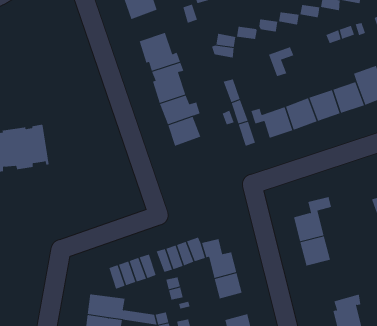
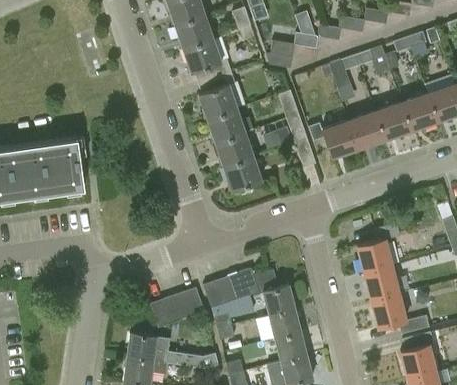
building: none -> [175,15,214,50]
building: none -> [354,46,390,77]
building: none -> [224,157,262,192]
building: none -> [371,292,429,335]
building: none -> [274,332,306,362]

